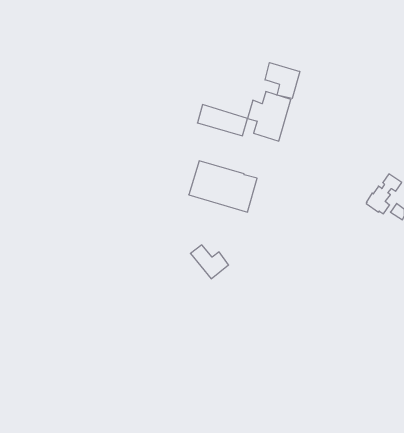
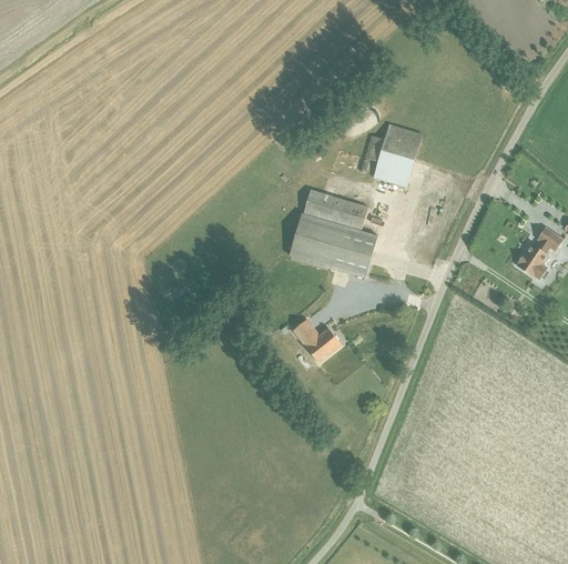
building: [265,63,300,98] -> none
building: [197,105,248,136] -> [303,189,367,229]

